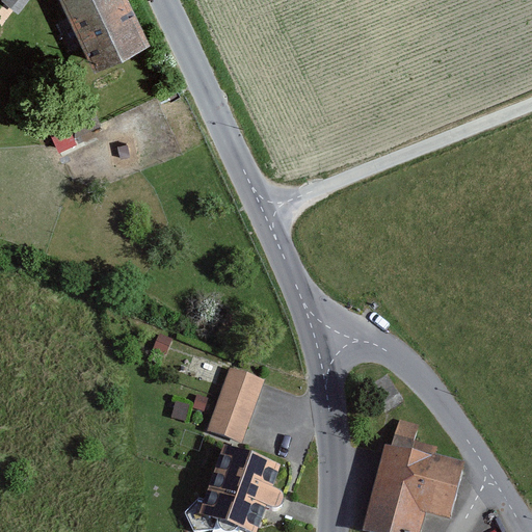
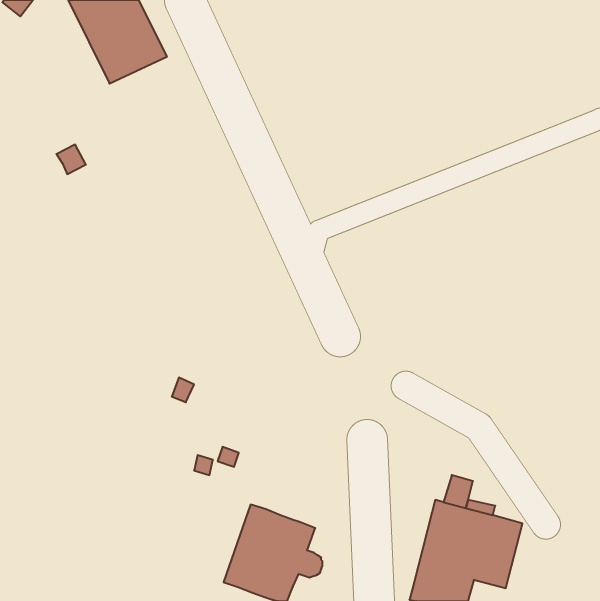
building: [206,373,261,444] -> none

